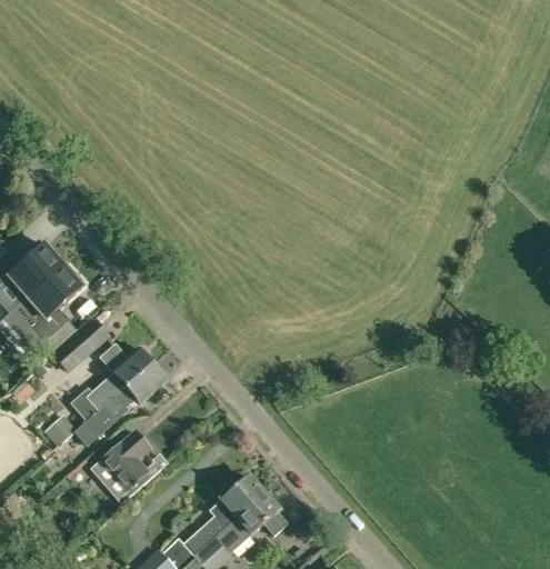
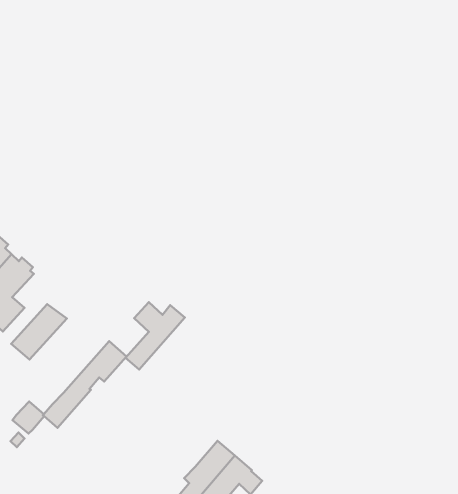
building: [86,343,150,410] -> [125,302,185,370]
building: [90,431,160,503] -> none

